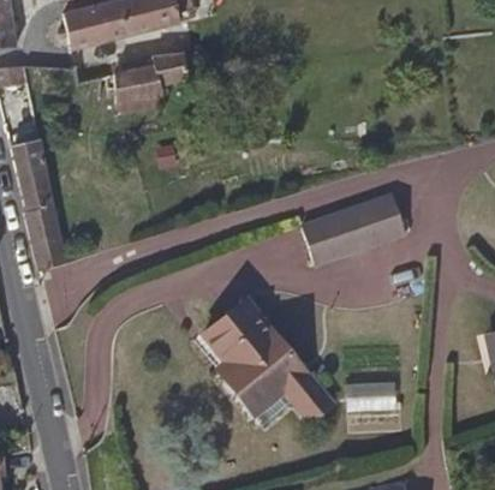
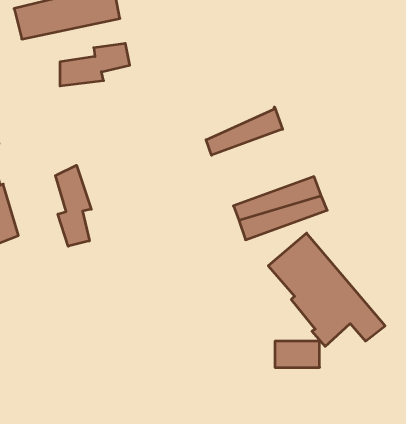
building: none -> [206,107,283,155]
building: none -> [55,165,91,246]
building: [205,303,334,428] -> [268,233,385,346]

